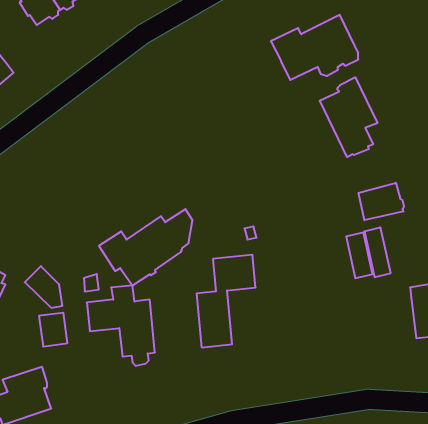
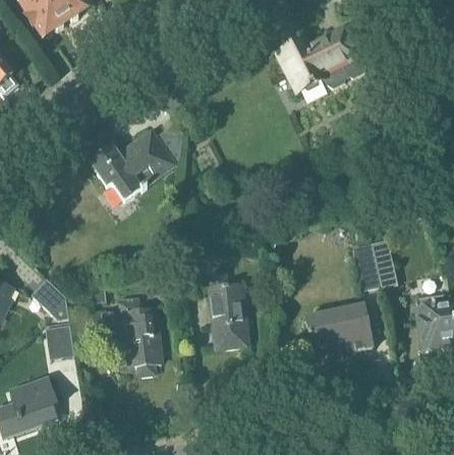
building: [320,77,378,157] -> none
building: [358,183,404,220] -> none
building: [99,209,193,285] -> [91,123,184,200]
building: none -> [306,304,374,355]

